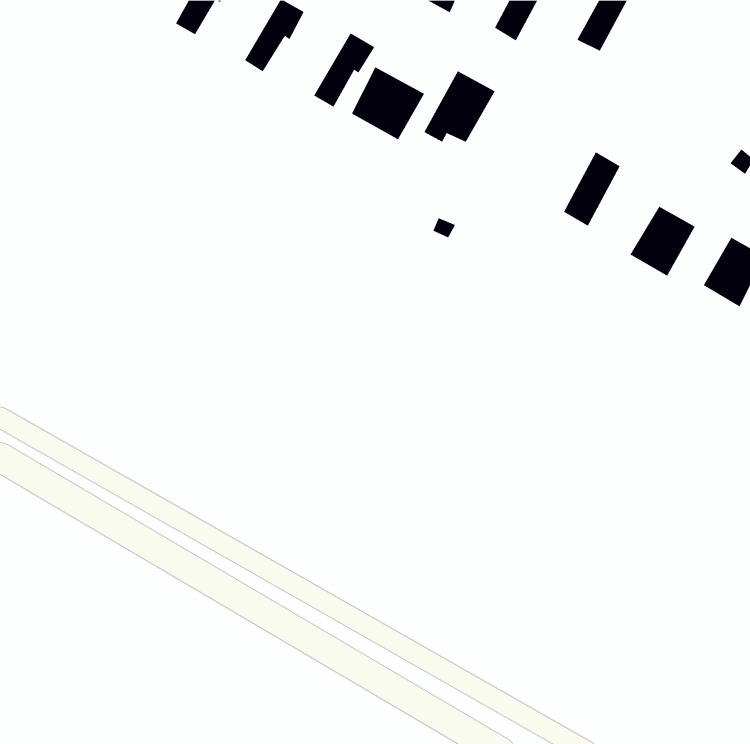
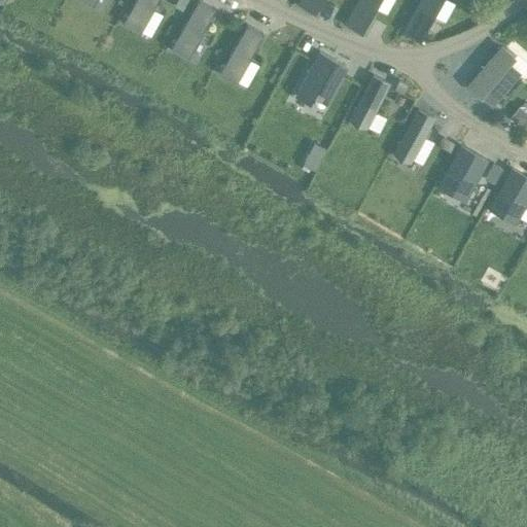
building: none -> [470,49,520,107]
building: [351,66,425,140] -> none
building: none -> [350,77,390,129]

